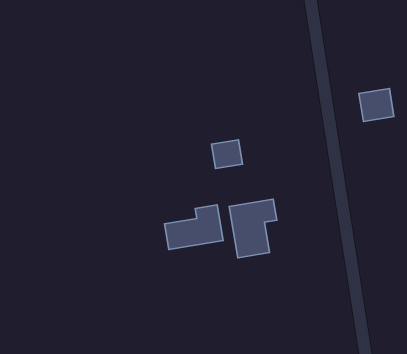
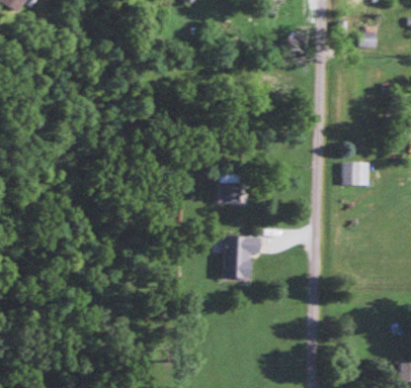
building: [165,205,223,250] -> none

